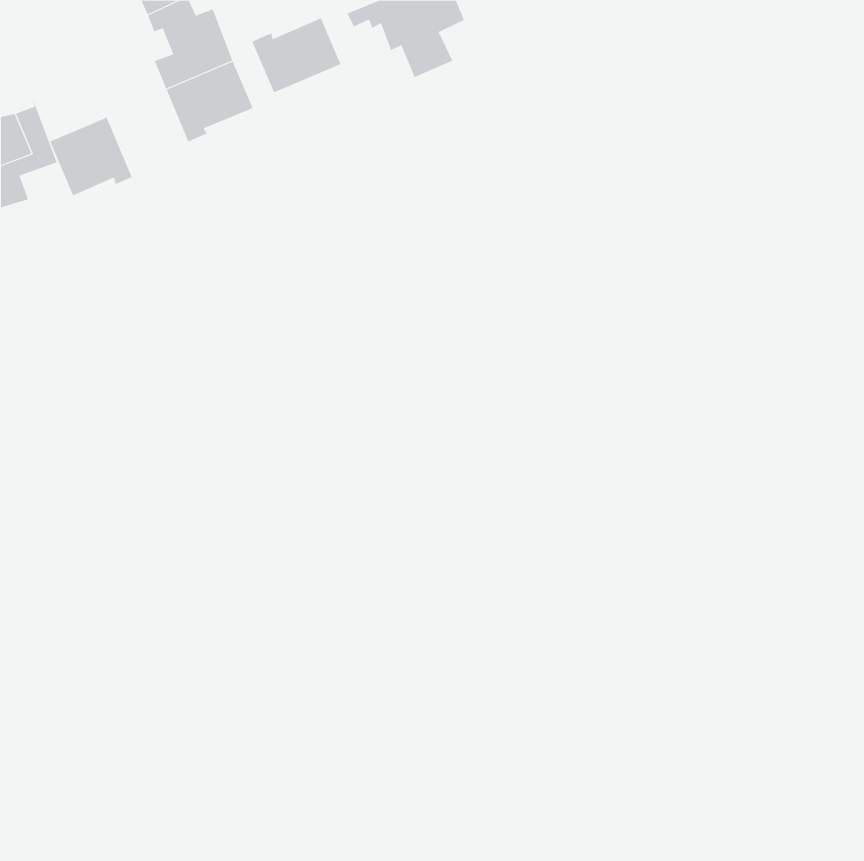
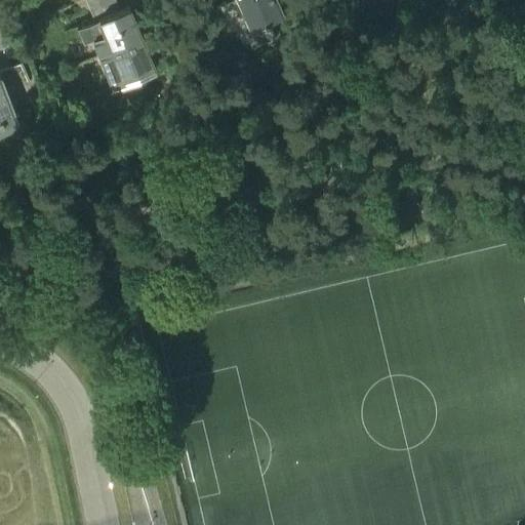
building: [252,17,341,93] -> none
building: [49,117,133,196] -> none

